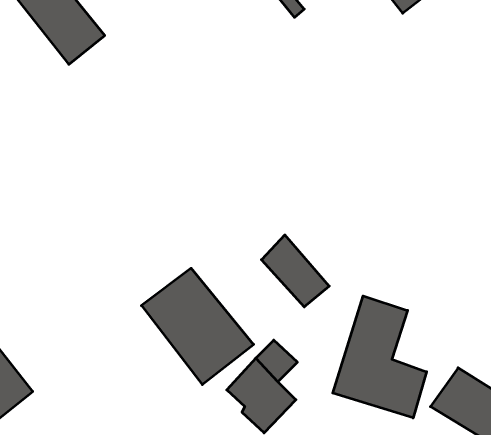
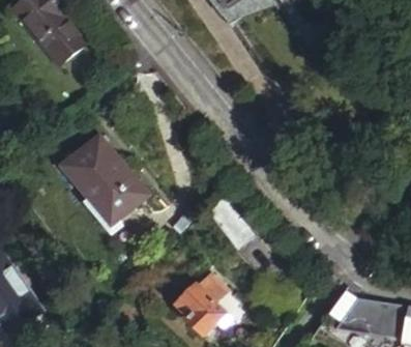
building: [141,268,254,385] -> [66,137,150,224]
building: [333,296,427,418] -> none

